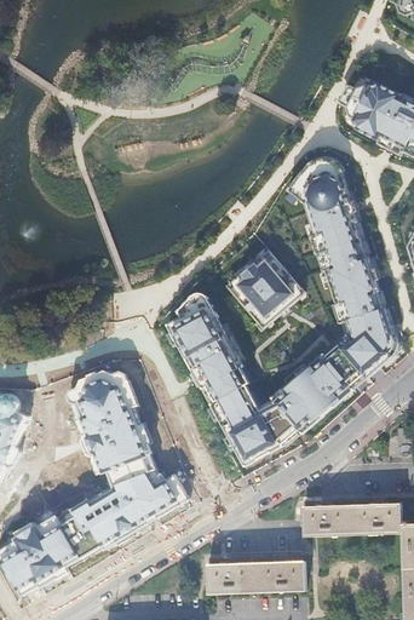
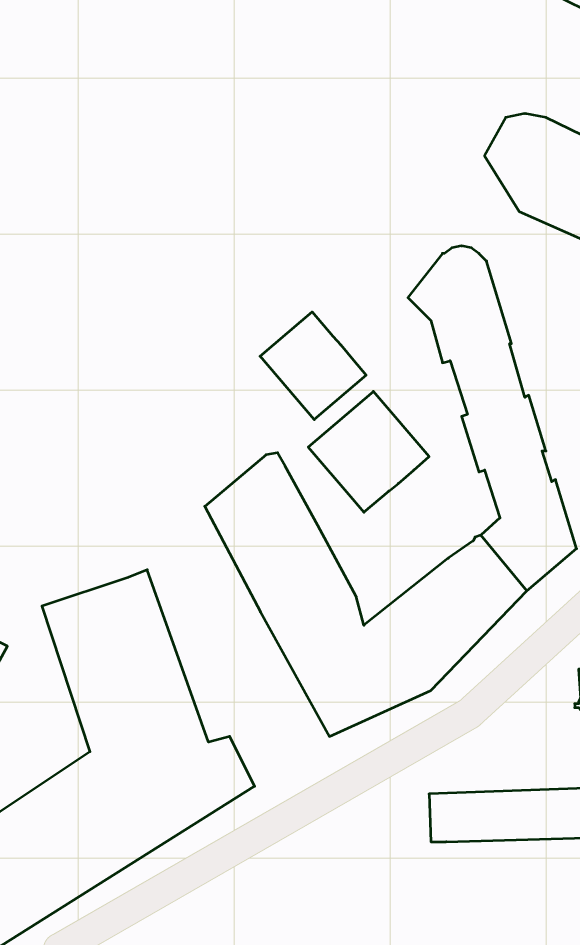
building: none -> [260,312,366,420]
building: [207,558,306,592] -> none

